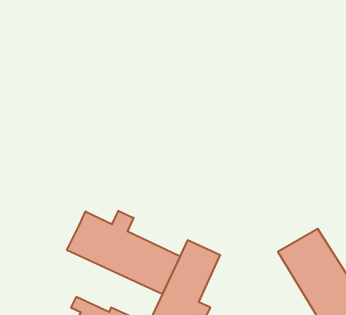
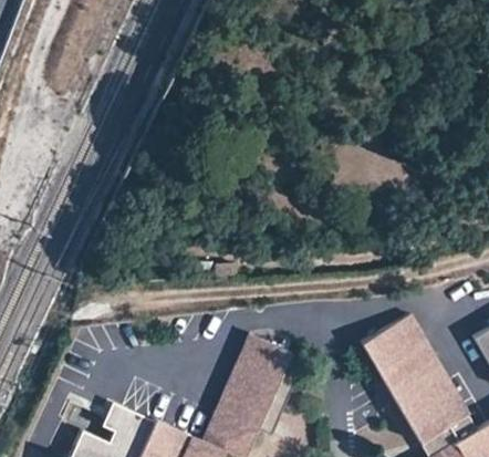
building: [67,211,180,294] -> none

